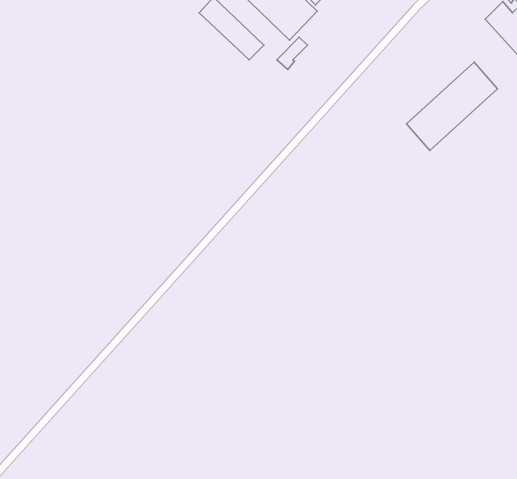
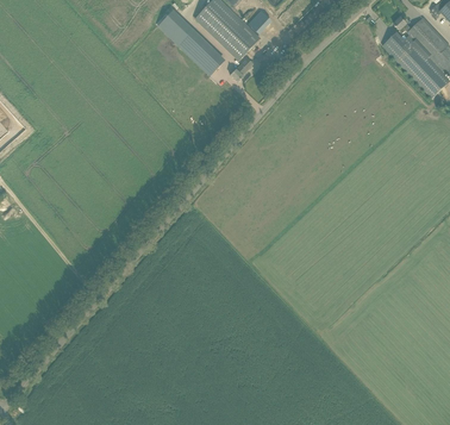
building: [406,62,498,151] -> none

